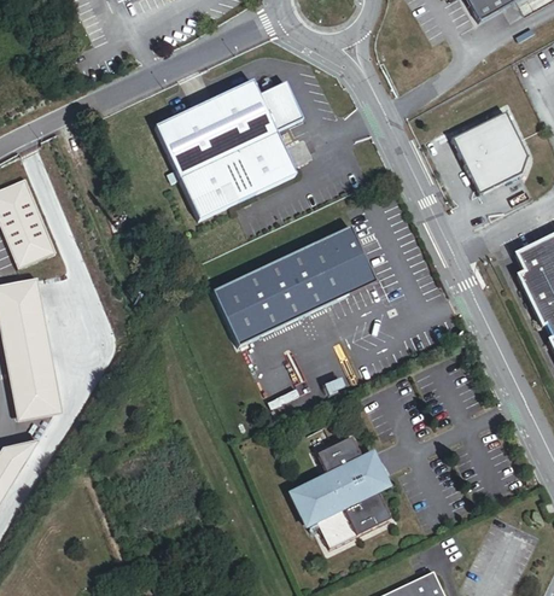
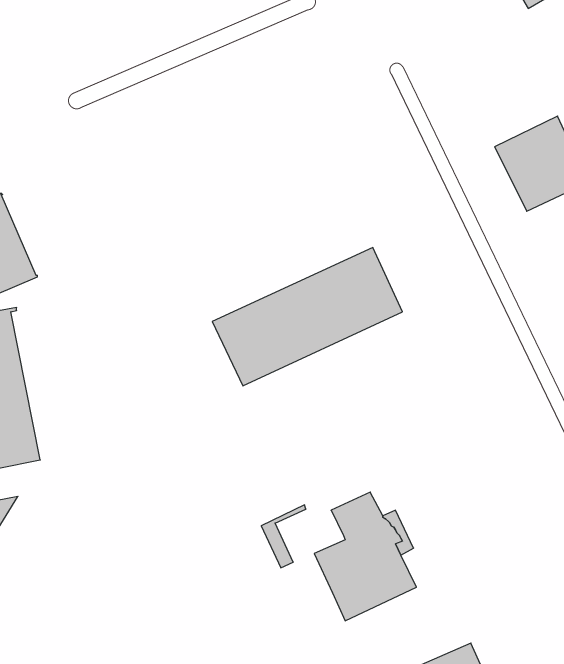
building: [157,77,305,217] -> none
building: [286,474,325,528] -> [261,505,306,568]

